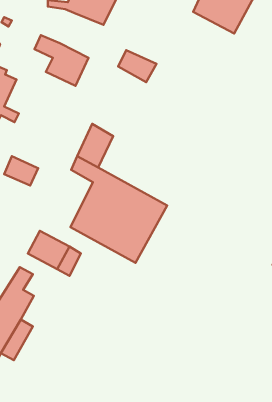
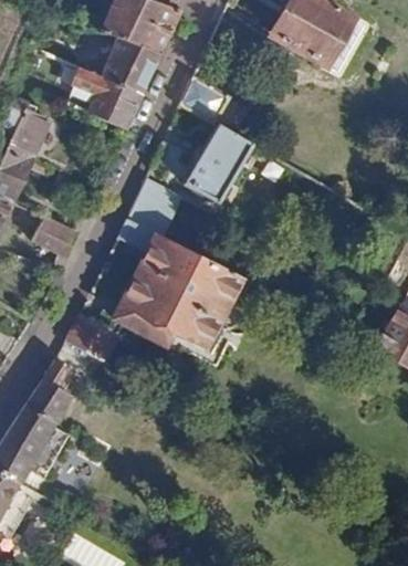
building: none -> [104,34,159,92]
building: none -> [185,125,253,205]

